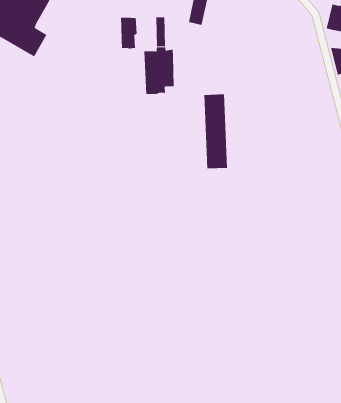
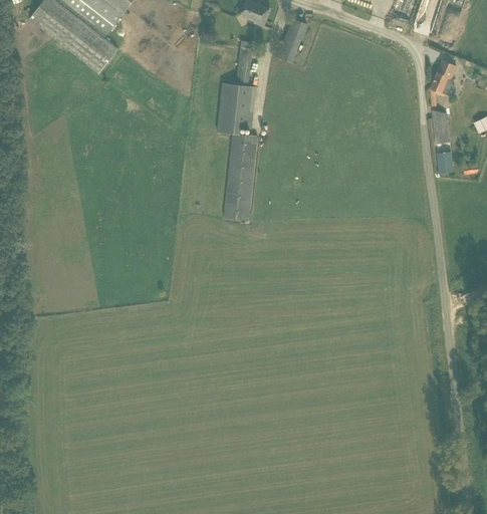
building: [120,17,137,50] -> none
building: [204,94,228,169] -> [224,132,257,219]

